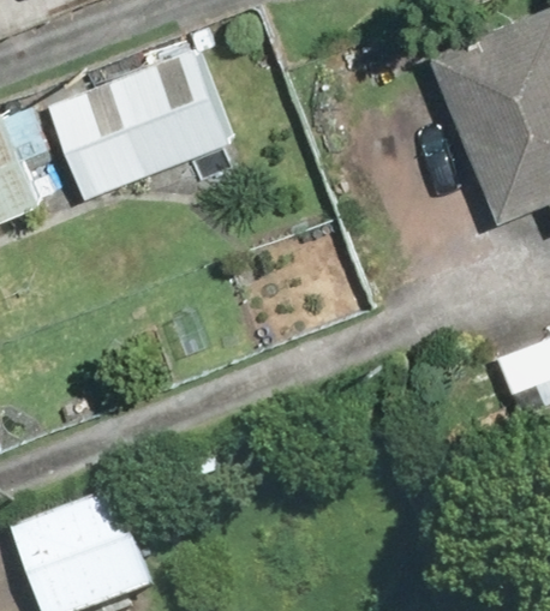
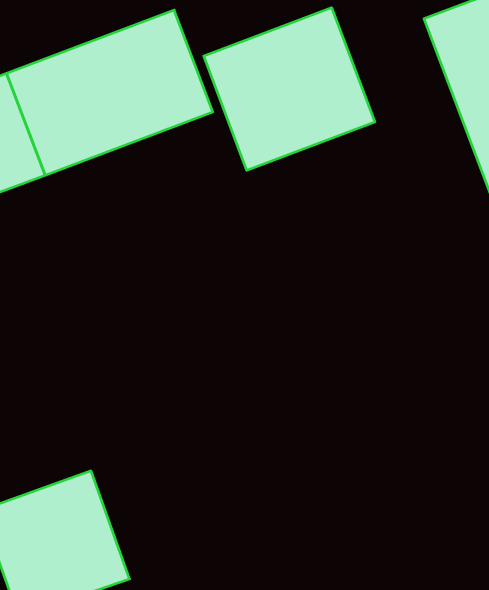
building: none -> [204,8,375,170]

